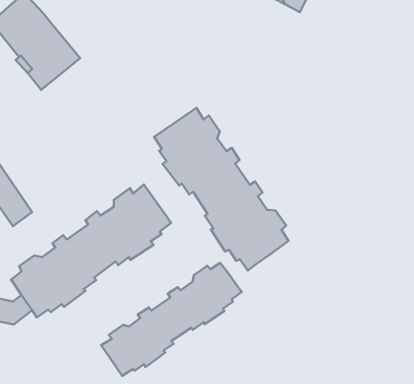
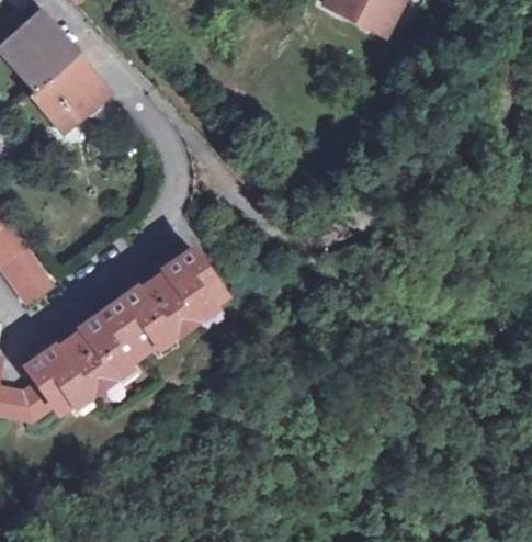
building: [154,108,289,270] -> none
building: [101,263,242,376] -> none

